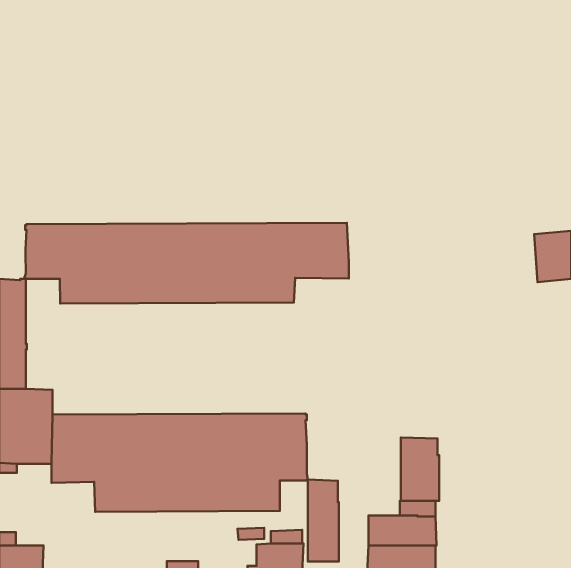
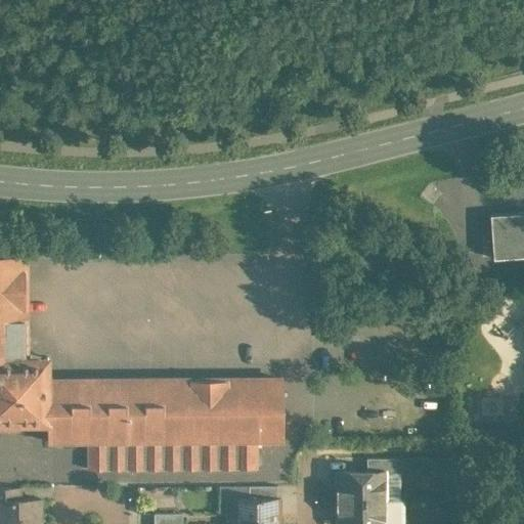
building: [24,223,349,303] -> none
building: [401,438,439,501] -> none
building: [308,479,339,561] -> none

